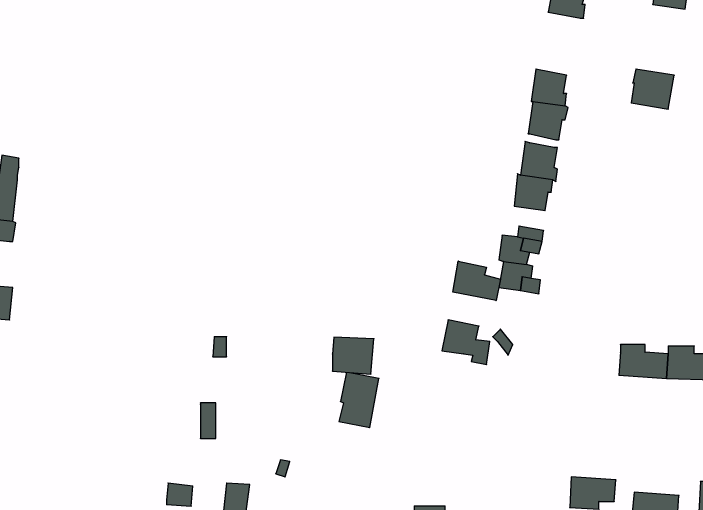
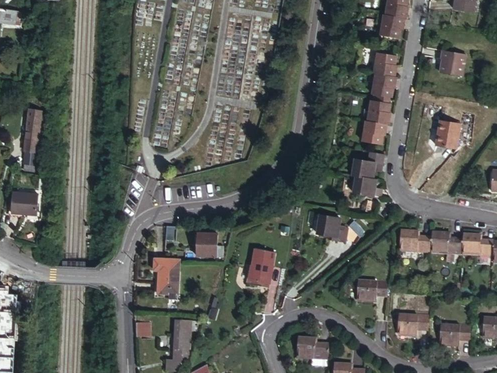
building: none -> [379,13,405,38]
building: none -> [434,120,460,149]
building: [453,261,500,301] -> none
building: [332,337,374,374] -> [193,230,220,254]
building: none -> [400,229,431,250]
building: none -> [153,258,177,293]
building: none -> [356,281,386,301]

